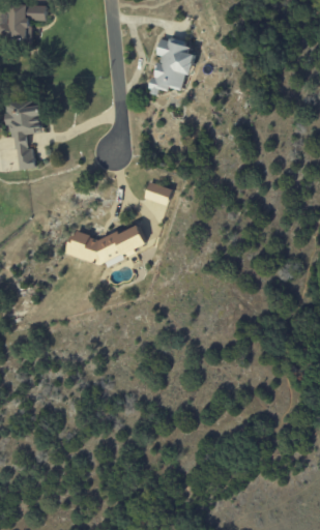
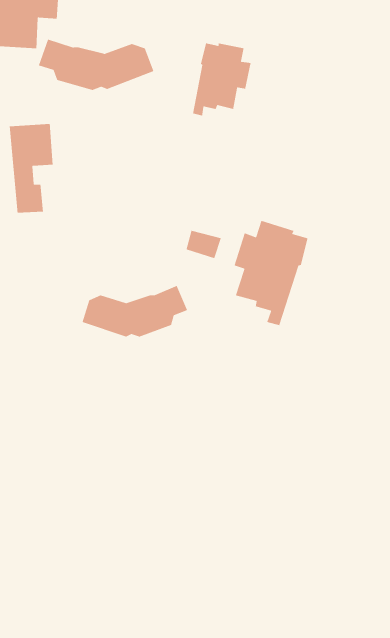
building: none -> [38,38,154,91]
building: none -> [234,220,309,326]

